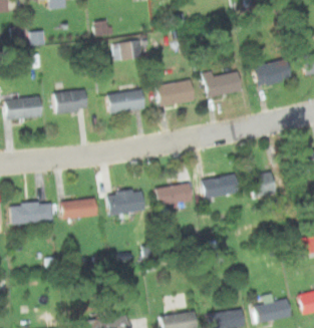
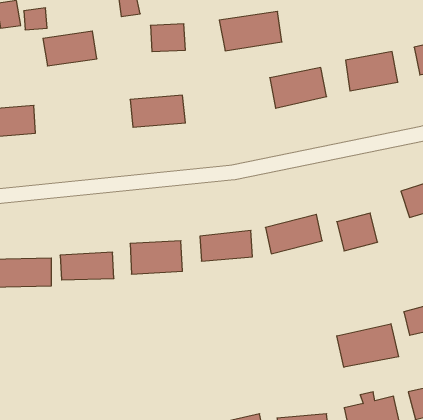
building: [154,79,198,106] -> [219,11,282,51]
building: [53,89,90,113] -> [43,31,97,66]
building: none -> [337,324,399,367]

